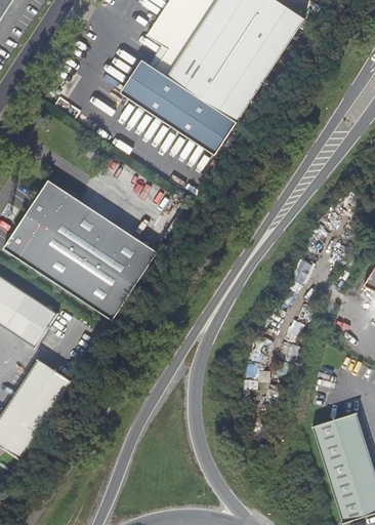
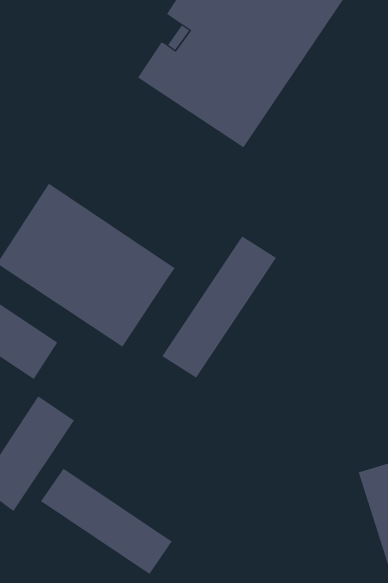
building: none -> [162,235,277,378]
building: none -> [40,468,173,575]

